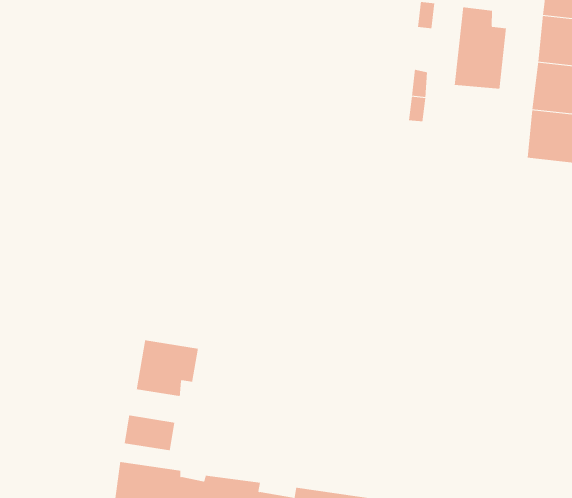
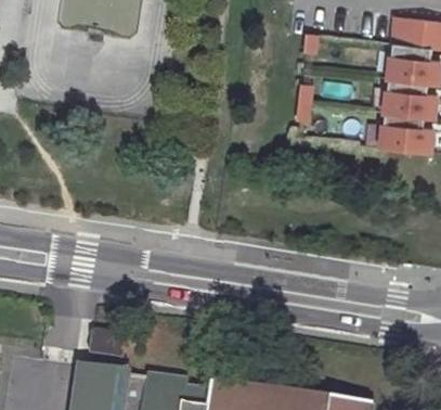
building: [454,7,507,90] -> none
building: [136,340,198,397] -> none

